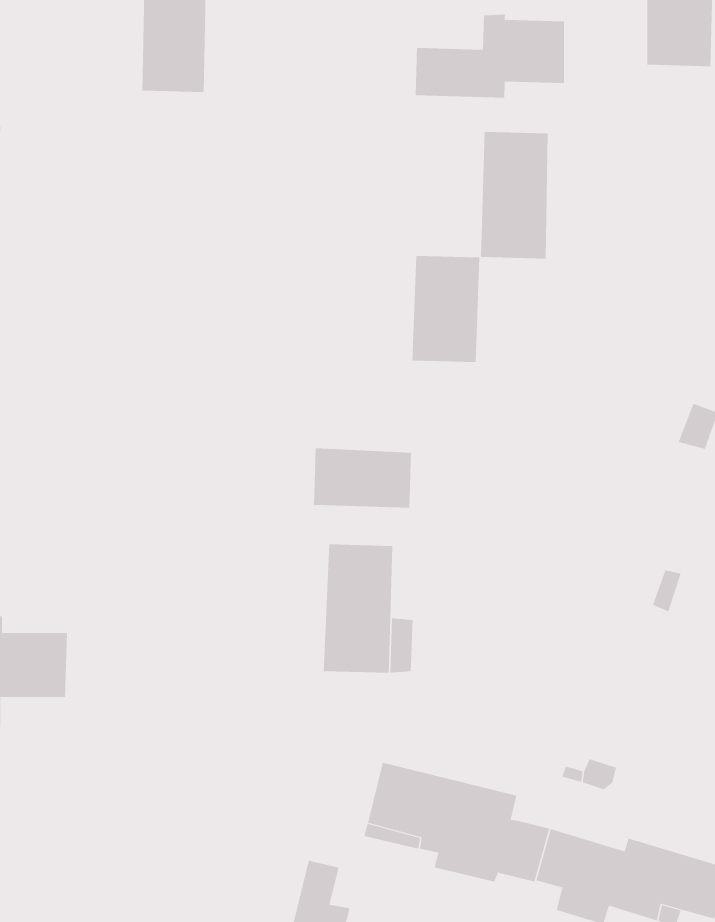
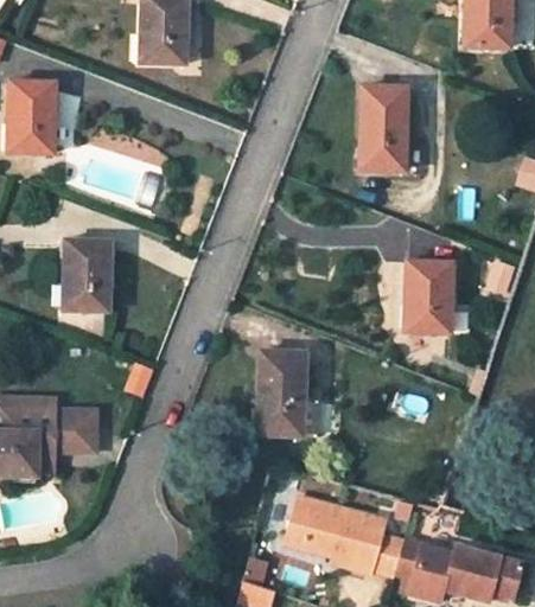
building: [415,14,564,98] -> none
building: [412,255,480,363] -> [406,266,450,334]
building: none -> [65,244,108,312]
building: [313,448,412,508] -> none

